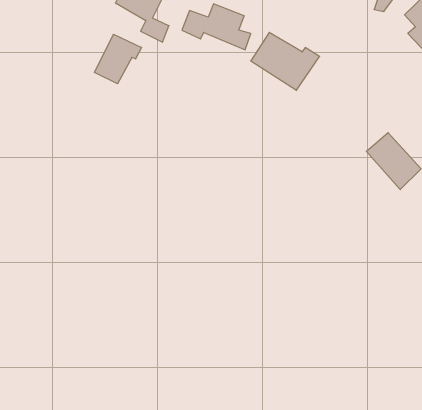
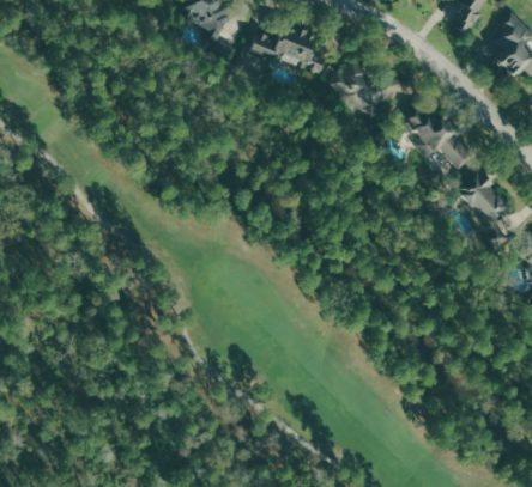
building: [95,34,142,84] -> none
building: none -> [398,102,470,170]

